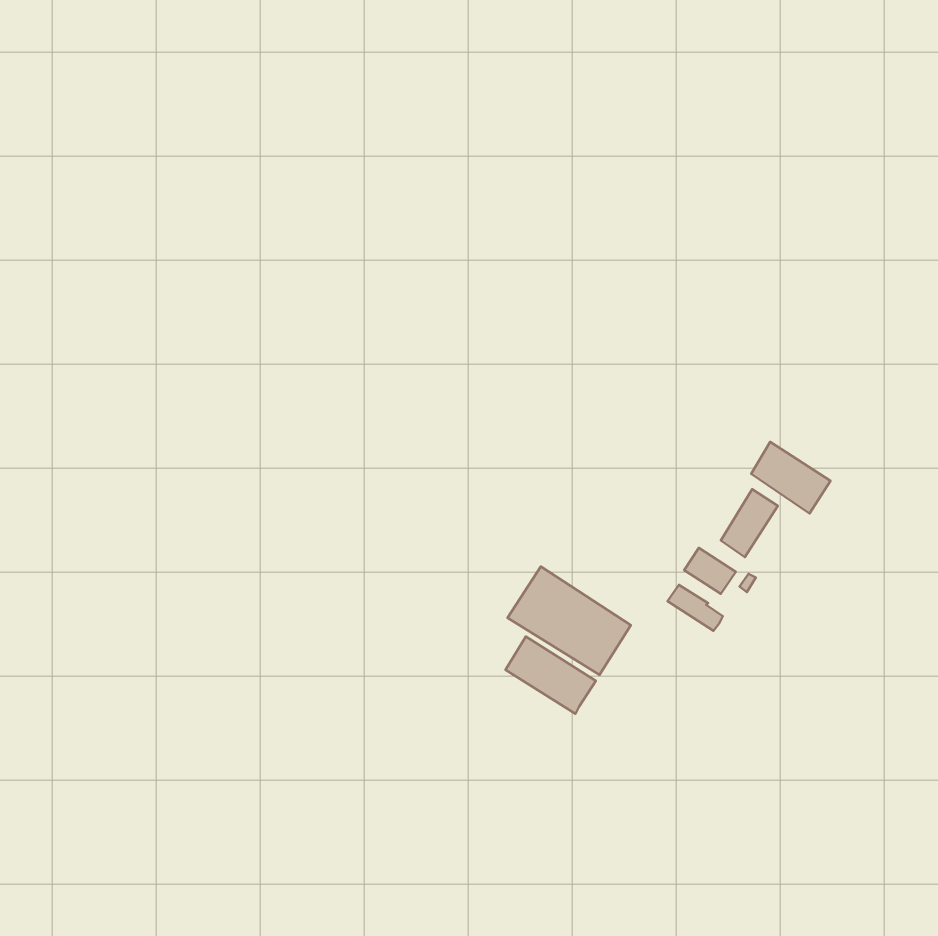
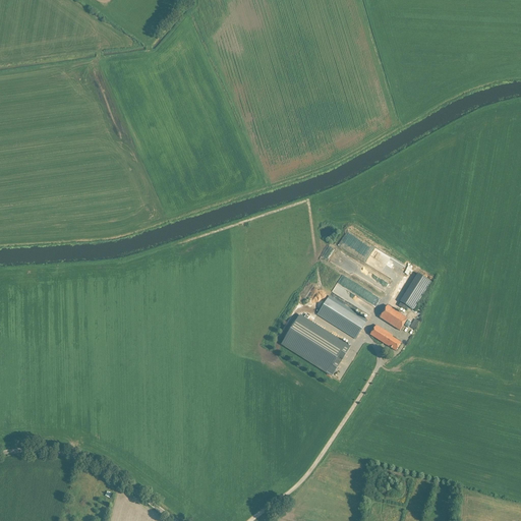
building: [751,442,831,514] -> none
building: [506,637,596,714] -> [316,294,366,337]

